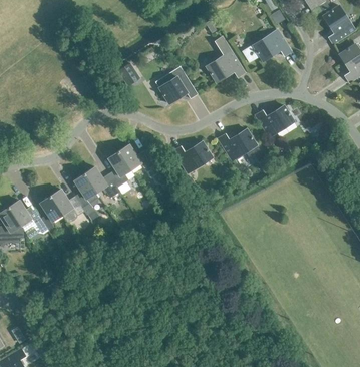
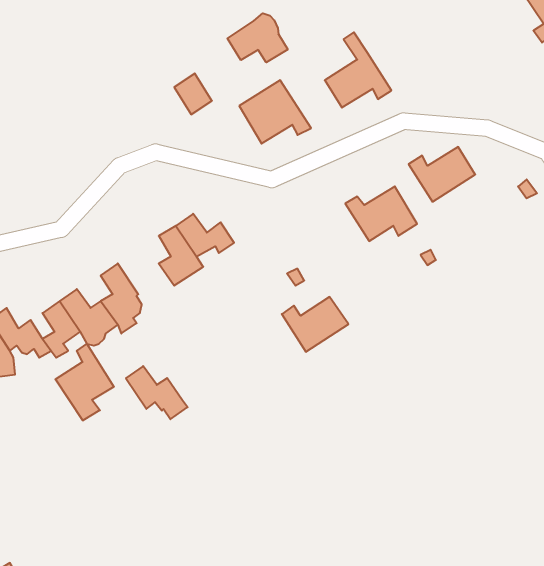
building: none -> [227,13,288,62]
building: [243,29,291,62] -> none
building: [173,141,213,173] -> [282,297,348,352]
building: [84,166,120,198] -> [126,366,188,419]
building: none -> [55,344,114,421]

